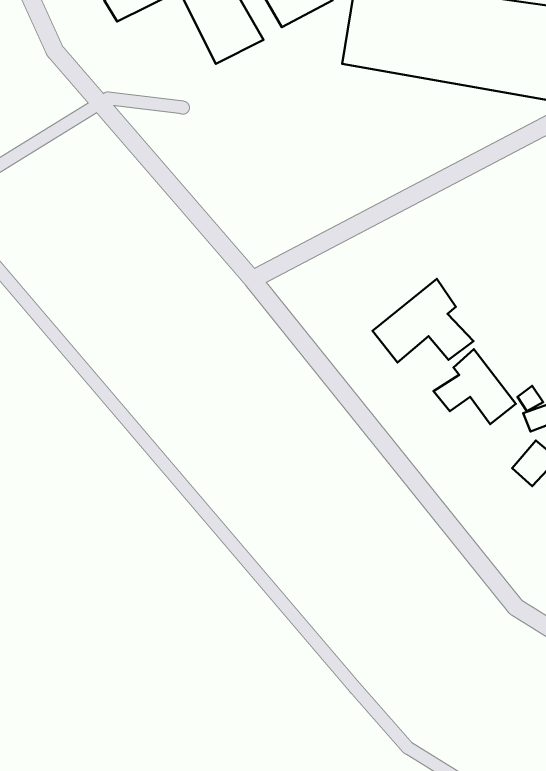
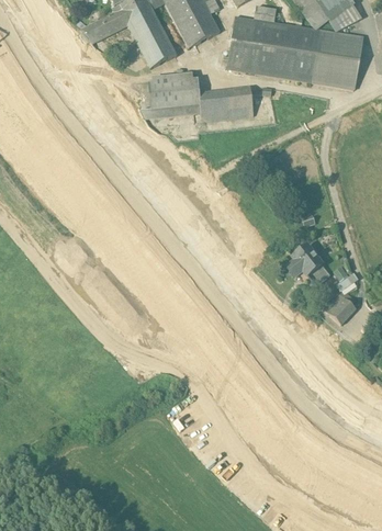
building: none -> [143,74,254,122]
building: [373,279,473,362] -> none

